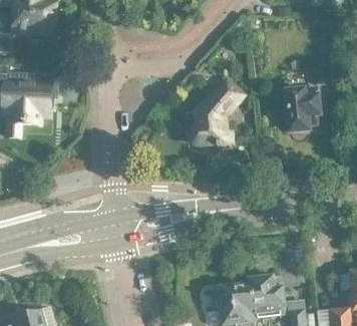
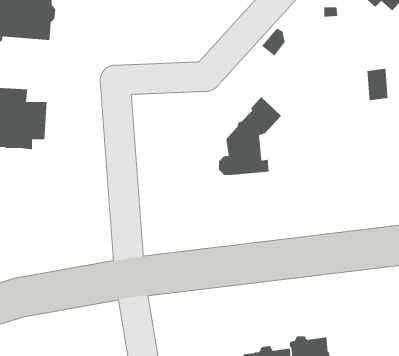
building: [286,88,320,131] -> none

